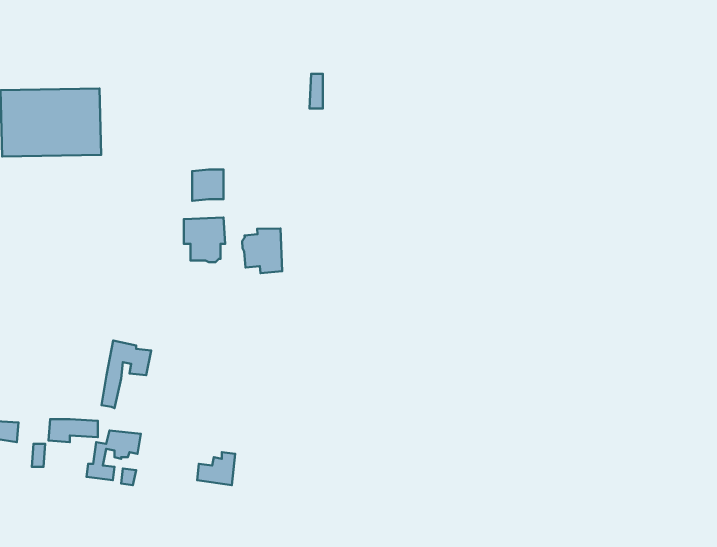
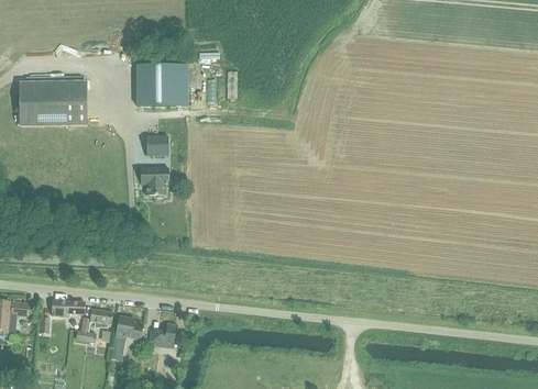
building: none -> [135,64,187,105]
building: [242,229,282,273] -> none
building: [101,341,151,408] -> [110,314,143,359]

